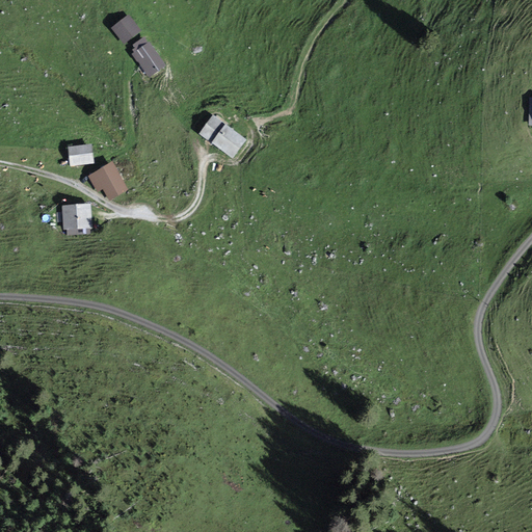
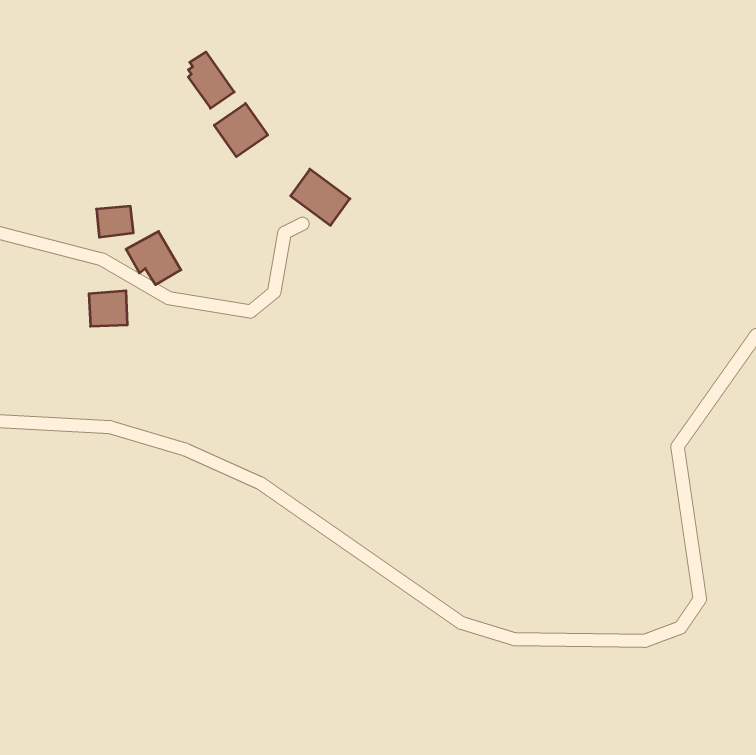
building: [111,15,139,43] -> none
building: none -> [214,103,268,157]

